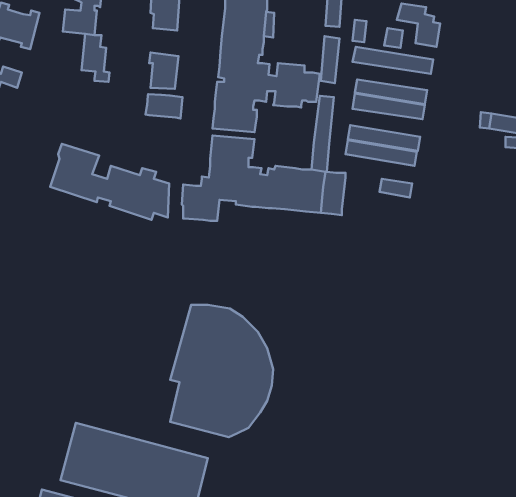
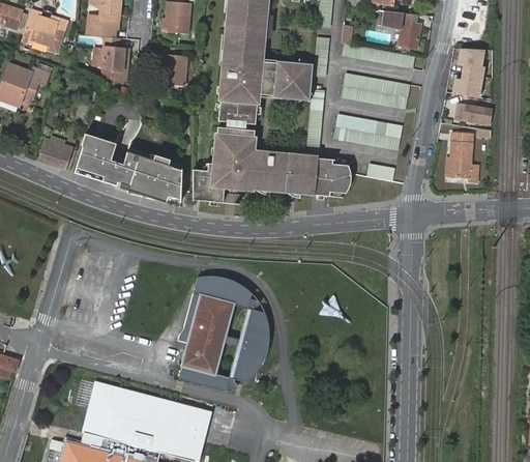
building: none -> [452,47,482,96]
building: [145,94,182,119] -> none
building: none -> [449,135,479,182]
building: none -> [38,140,71,168]
building: none -> [332,163,355,193]

